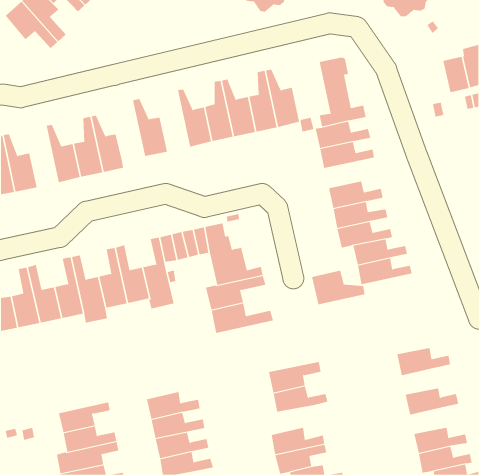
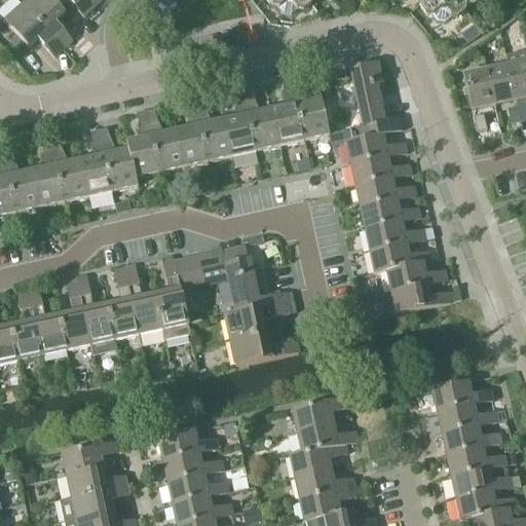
building: none -> [463,67,493,106]
building: none -> [176,99,208,166]
building: none -> [125,110,158,177]
building: none -> [33,138,64,205]
building: none -> [354,177,415,206]
building: [312,270,365,305] -> none
building: none -> [440,404,498,433]
building: none -> [292,444,349,477]
building: none -> [449,447,509,476]

